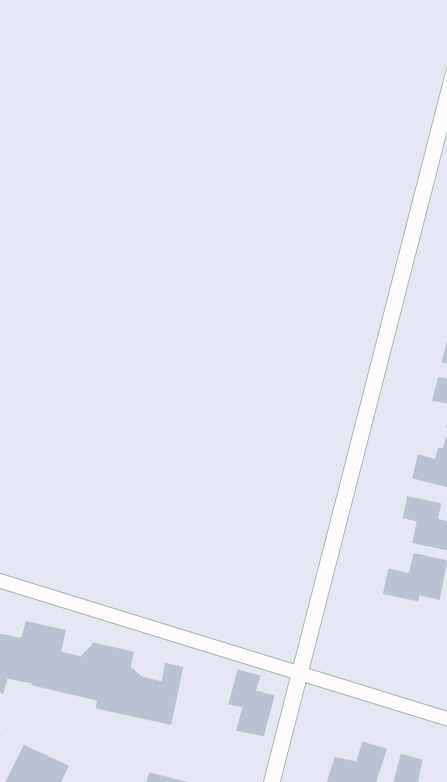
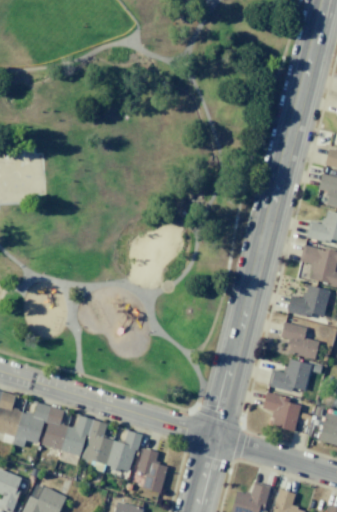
building: none -> [263,392,300,431]
building: [227,669,275,737] -> [137,448,168,492]

